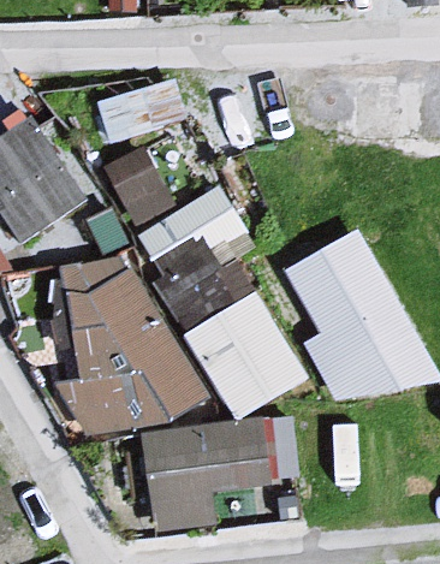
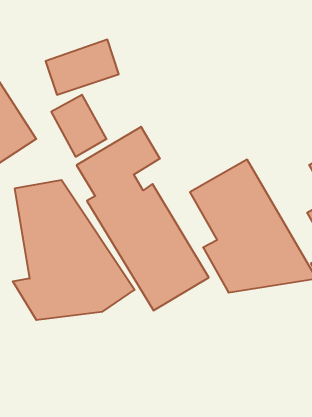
building: [141,423,280,532] -> none

